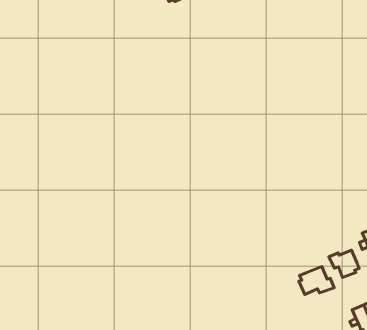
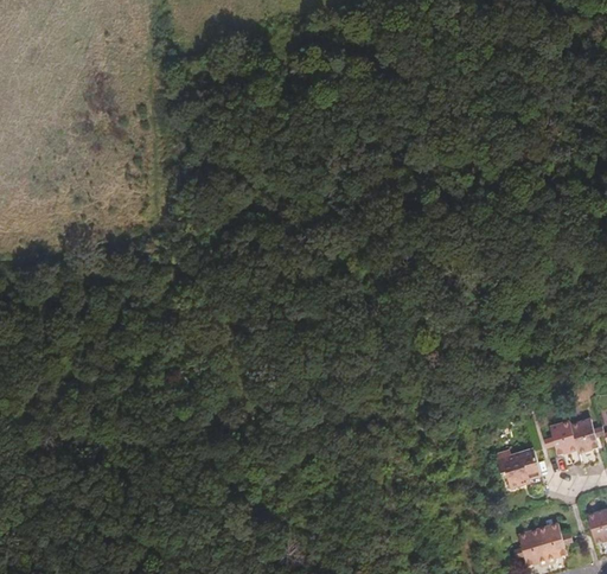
building: [299,266,334,295] -> none

